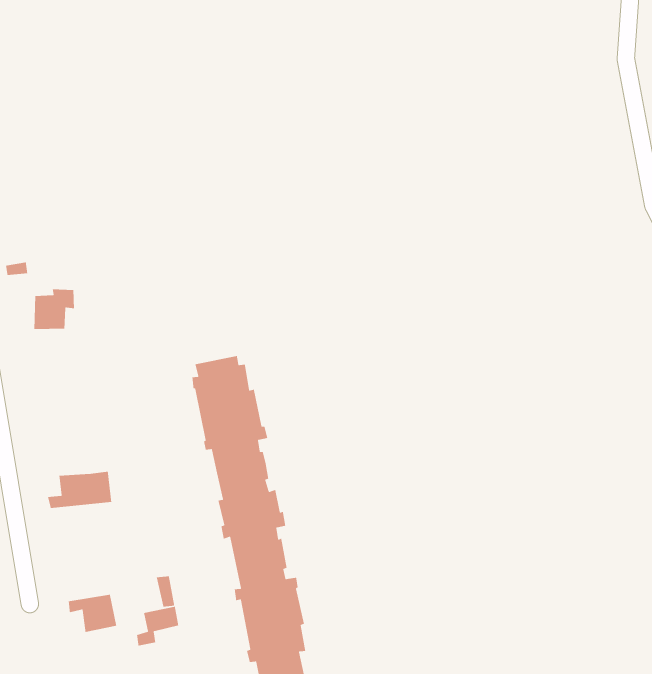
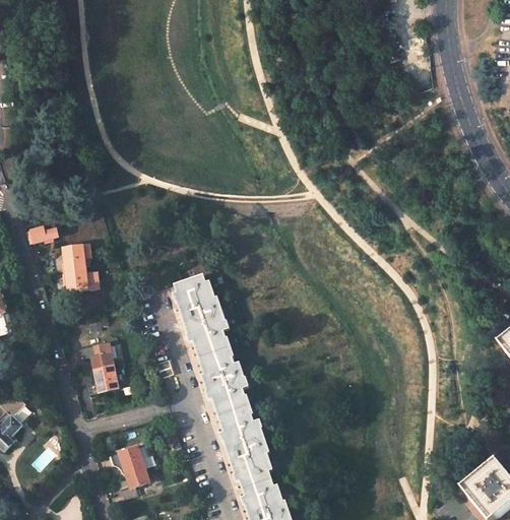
building: none -> [63,270,99,291]
building: none -> [77,342,113,370]
building: [136,606,179,647] -> [119,467,147,498]

